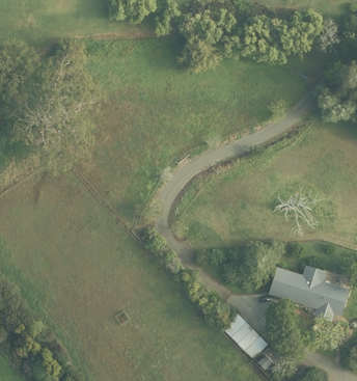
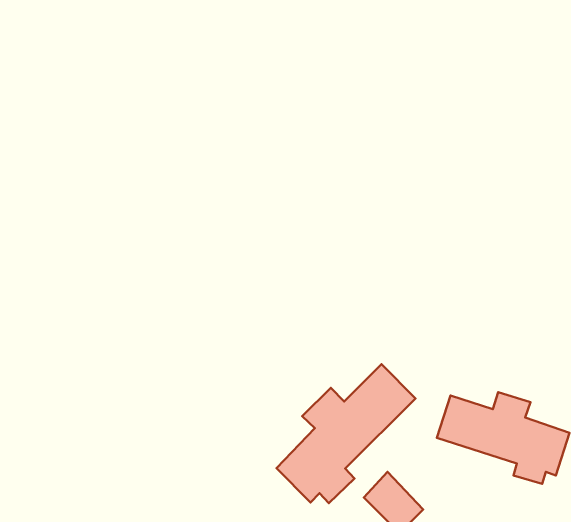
building: none -> [276,364,416,503]

